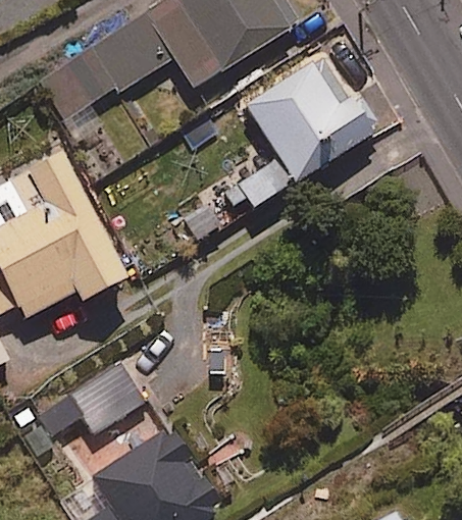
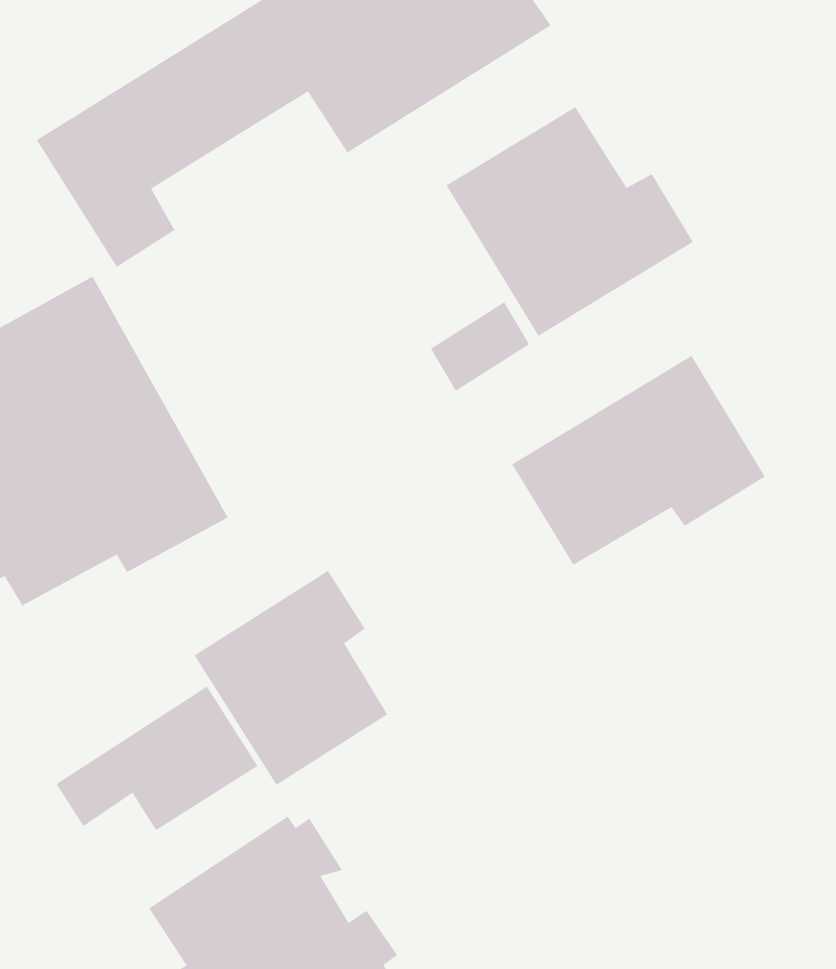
building: none -> [511,355,766,566]
building: none -> [194,570,388,786]

